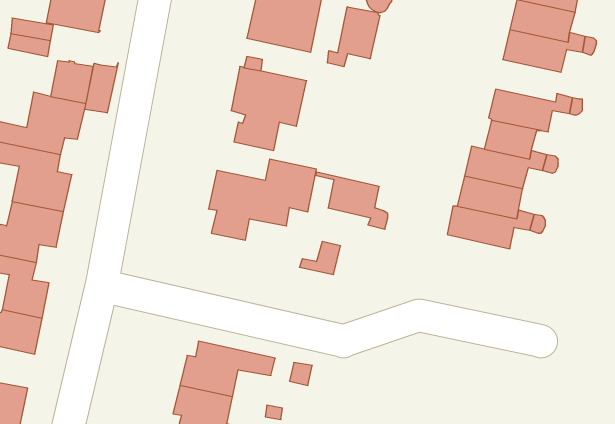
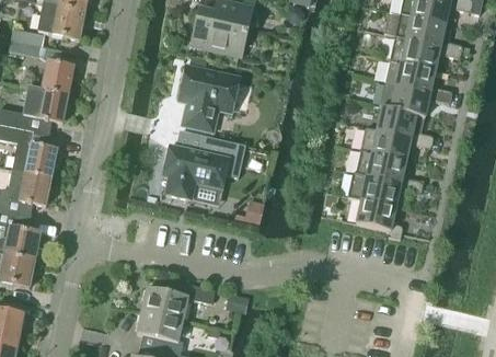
building: [327,7,380,67] -> none
building: none -> [383,60,434,93]
building: [85,63,118,113] -> none
building: [315,172,388,229] -> [345,195,401,239]

